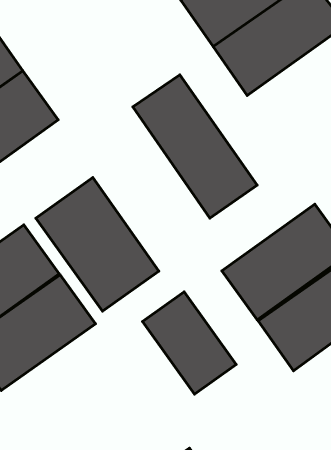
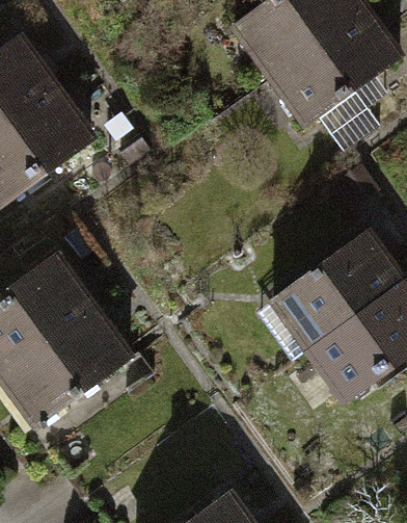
building: [133,75,257,218] -> none
building: [36,178,159,311] -> none
building: [142,292,236,394] -> none

